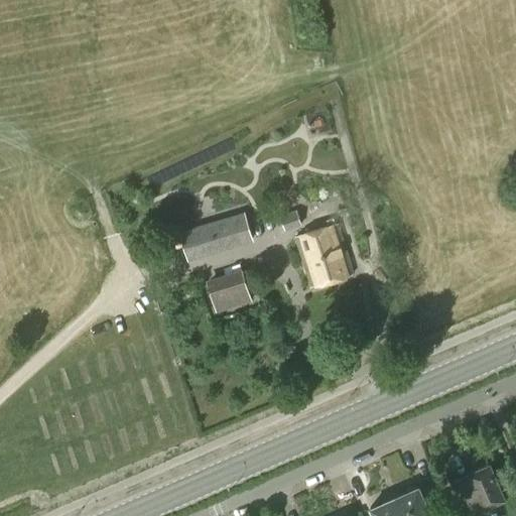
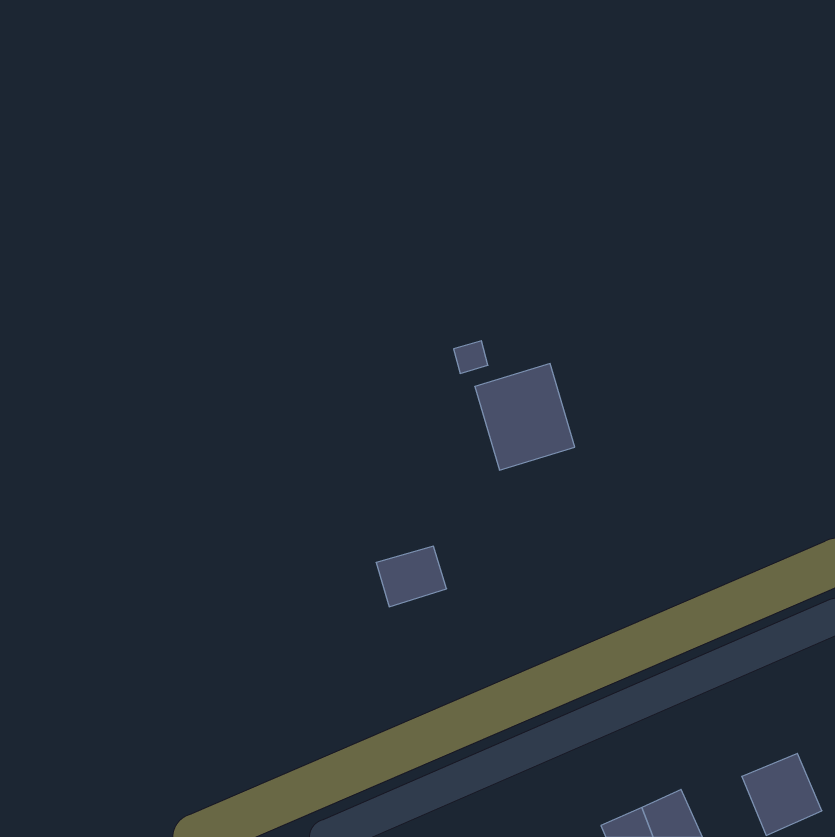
building: [183,218,251,257] -> none
building: [205,275,248,312] -> [376,546,447,607]

